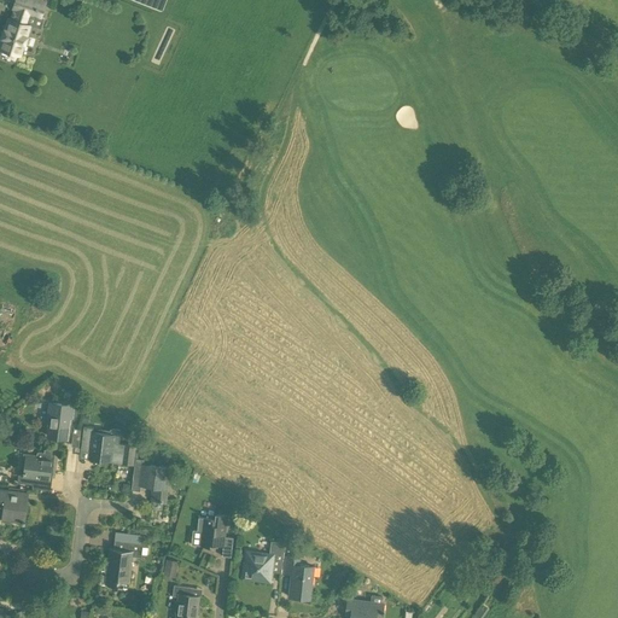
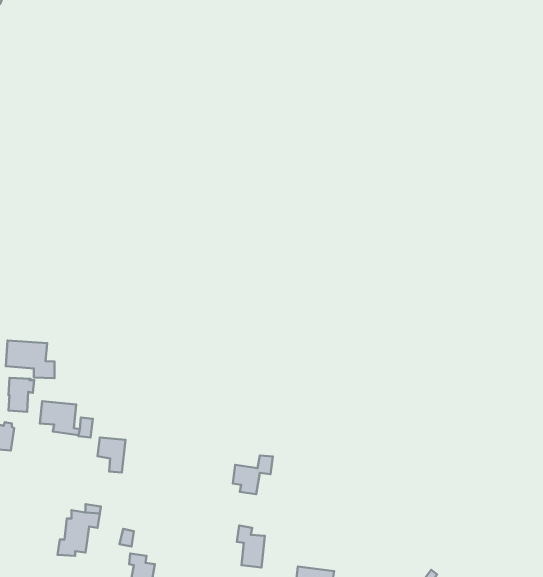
building: none -> [6,341,55,378]
building: [196,515,232,558] -> none
building: [243,542,284,582] -> [233,455,273,494]

